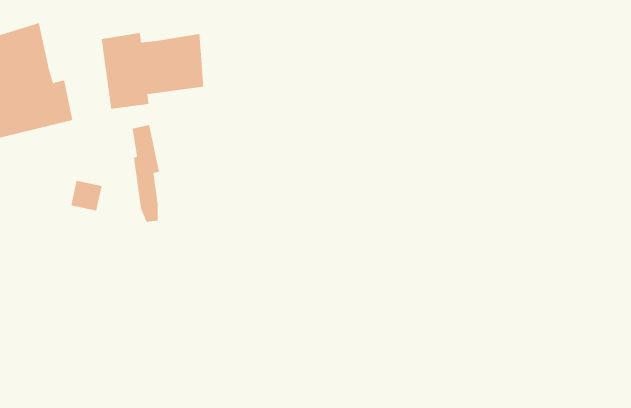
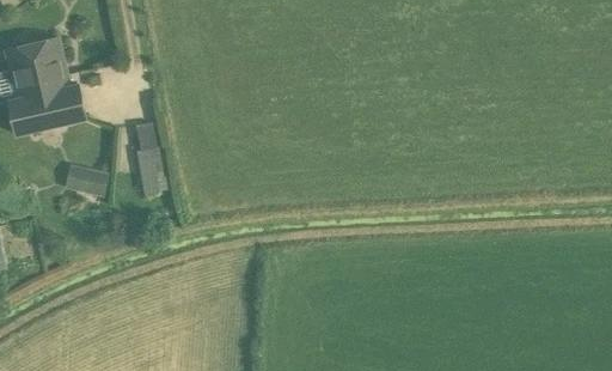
building: [101,32,204,110] -> none

